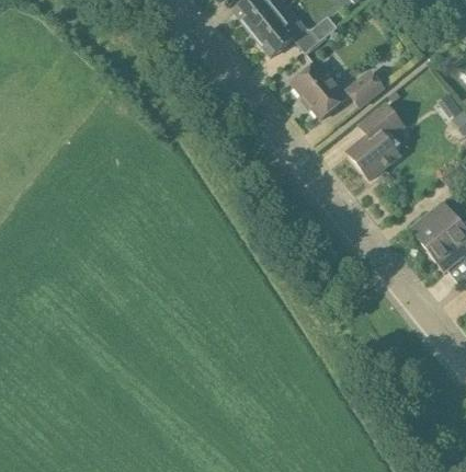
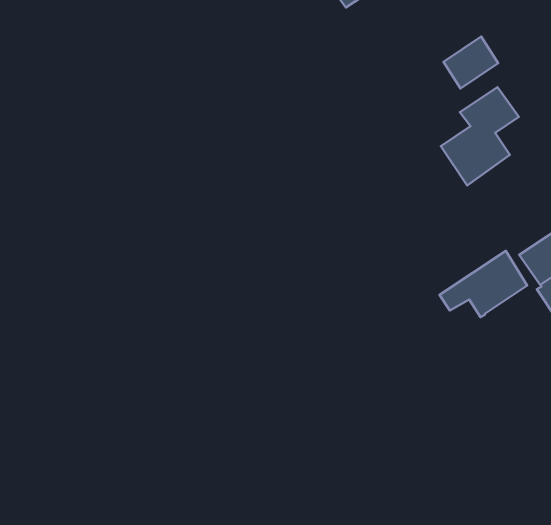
building: [292,62,345,117] -> none
building: none -> [439,251,527,317]

